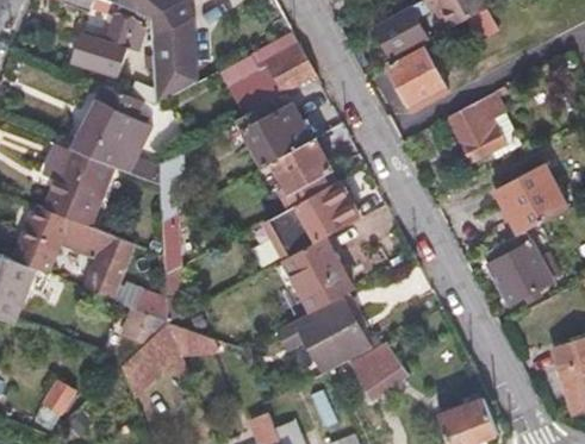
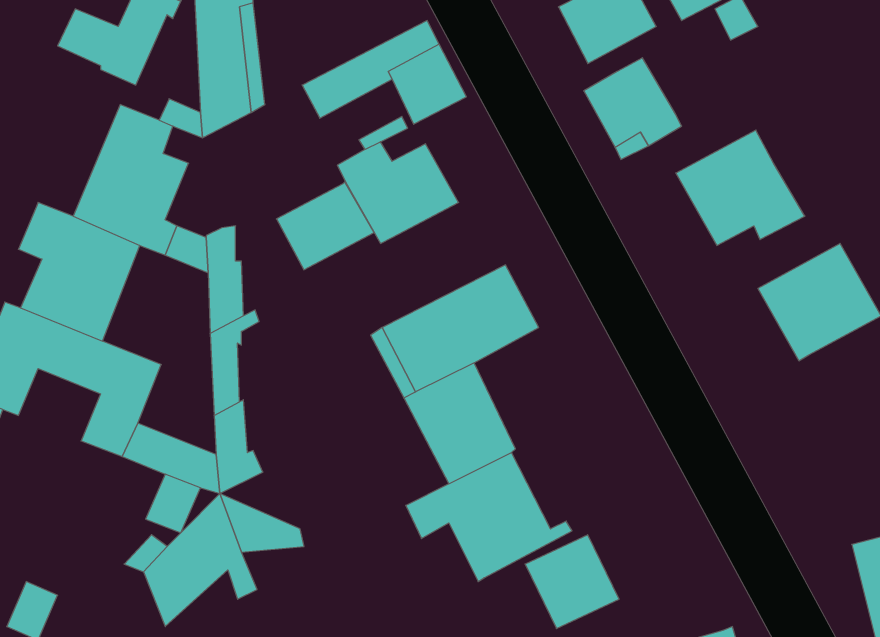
building: [272,140,331,194] -> [276,182,374,270]
building: [483,234,553,307] -> none

